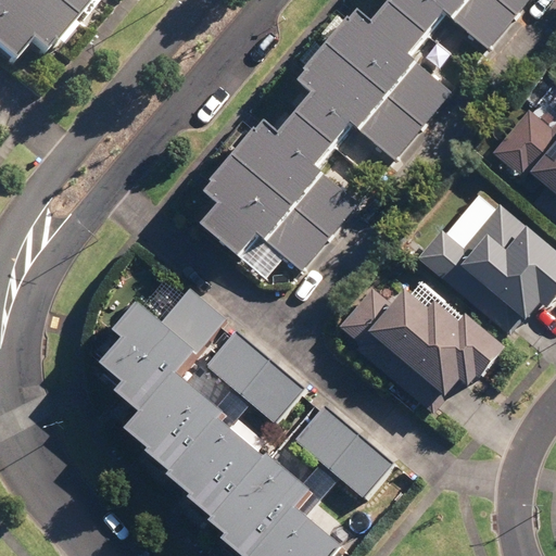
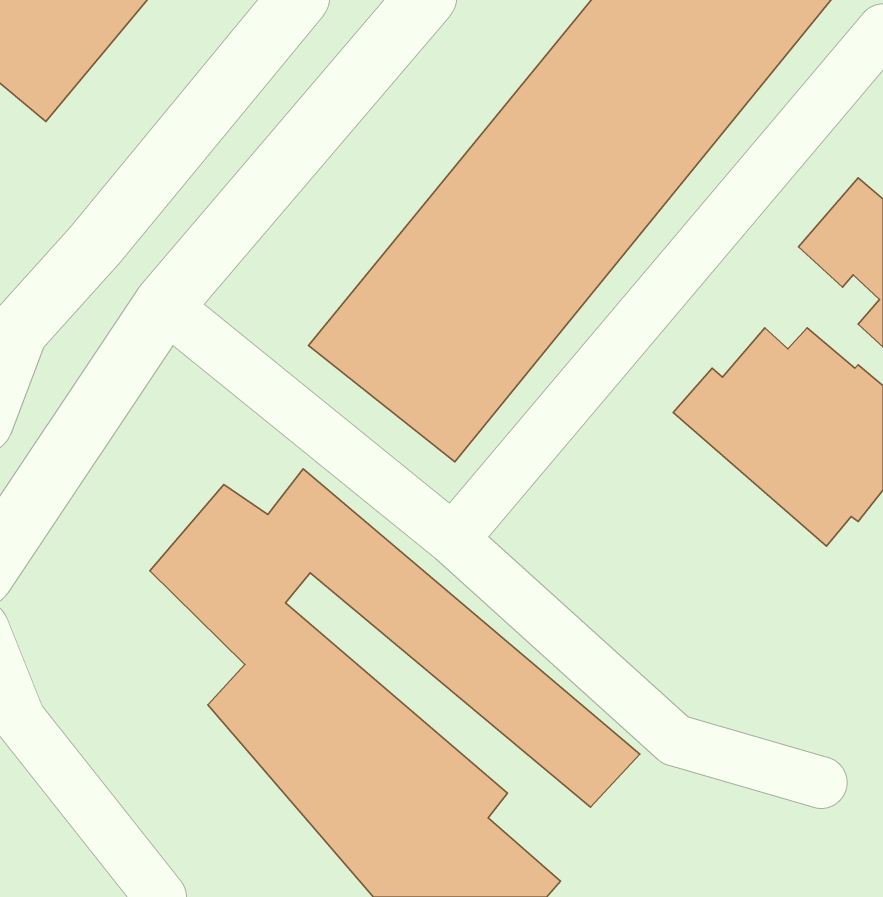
building: [336,287,509,414] -> none

